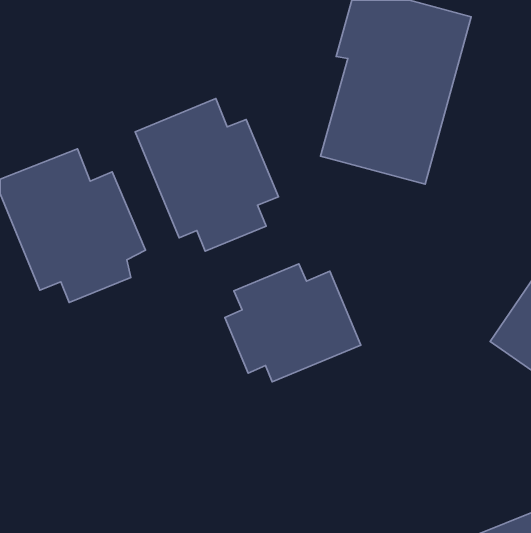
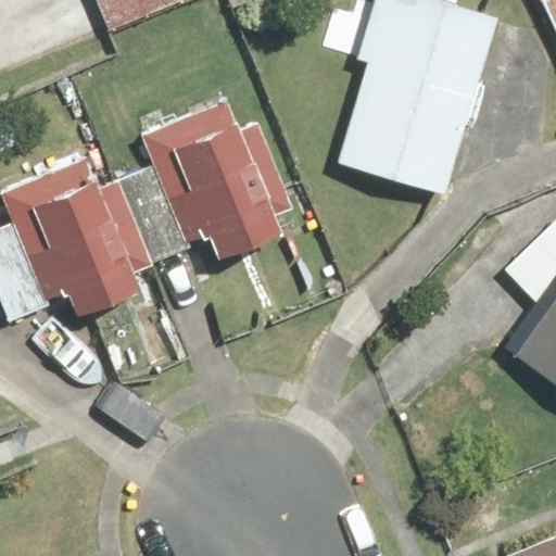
building: [225,264,361,382] -> none

